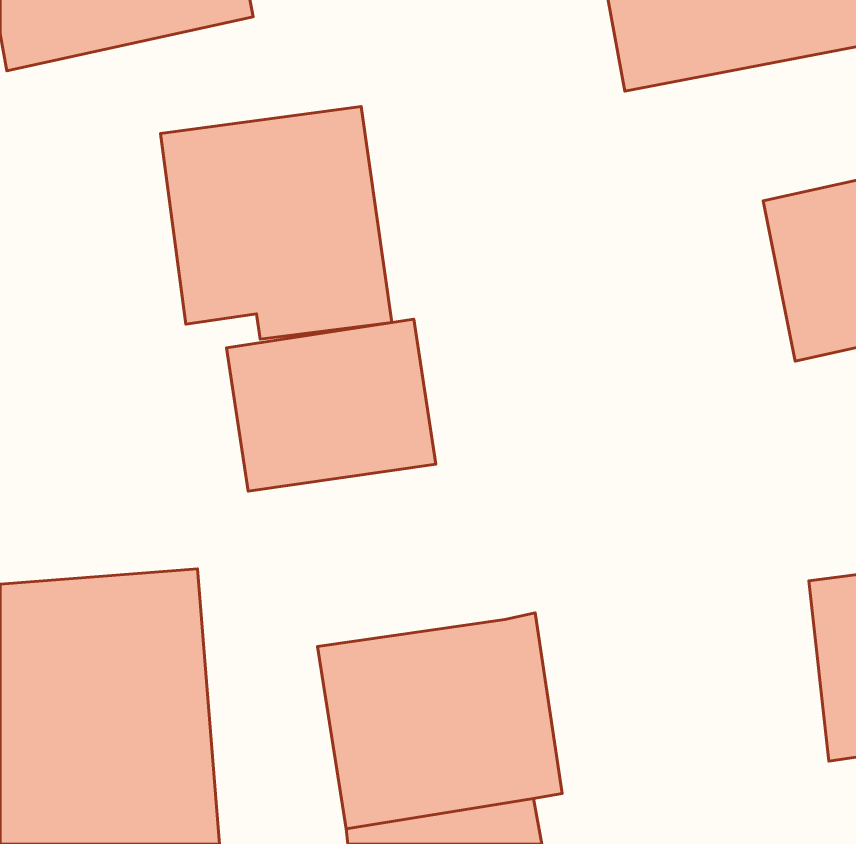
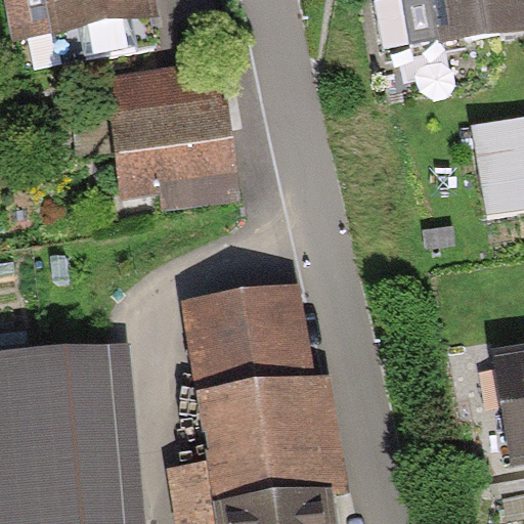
building: [226,319,436,491] -> [183,288,310,392]

